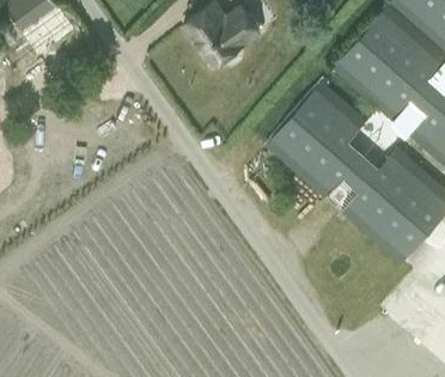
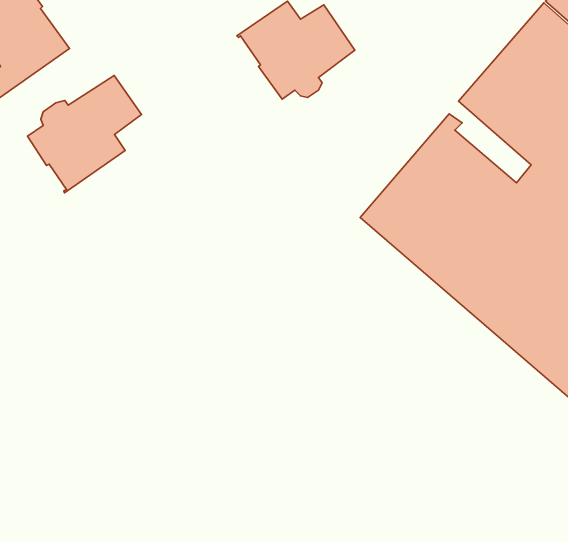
building: none -> [28,75,141,193]

